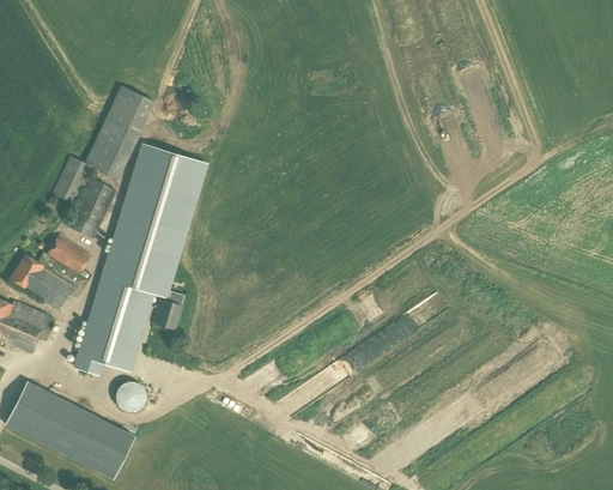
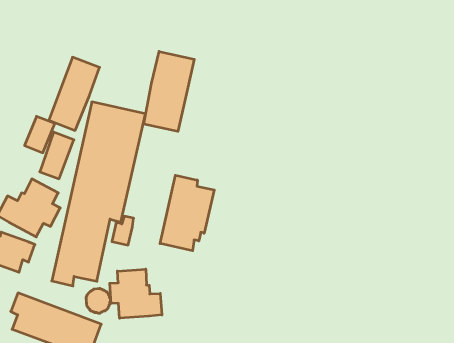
building: none -> [144,51,194,131]
building: none -> [160,175,214,251]
building: none -> [110,269,162,318]

